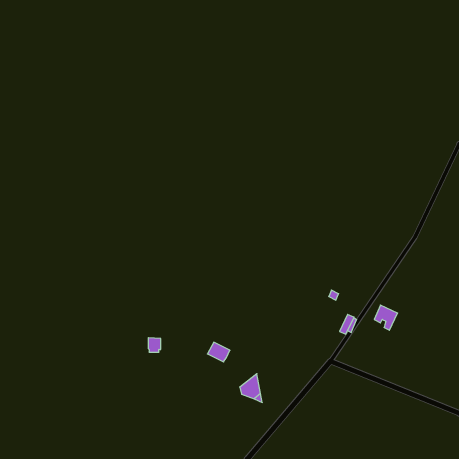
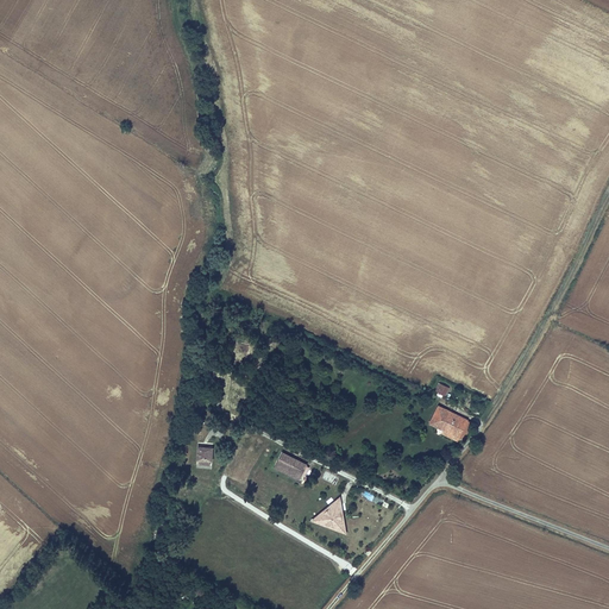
building: [374,305,398,330] -> [429,406,460,439]

